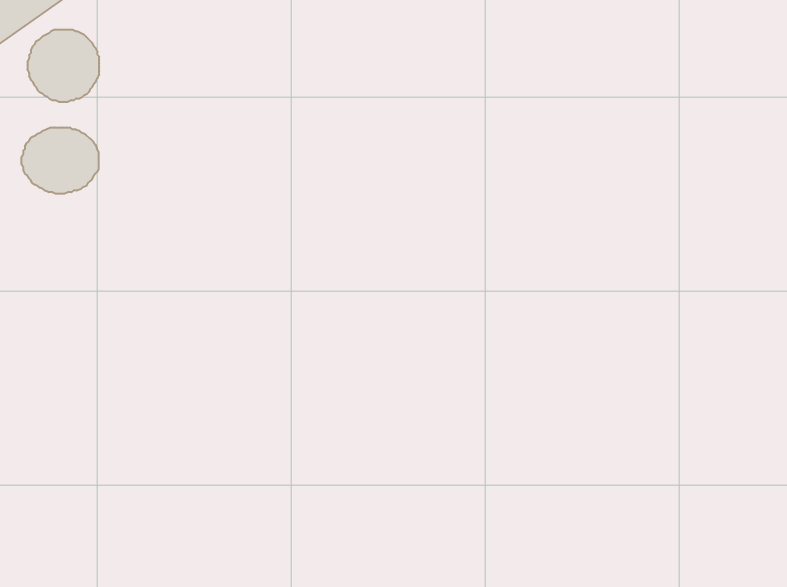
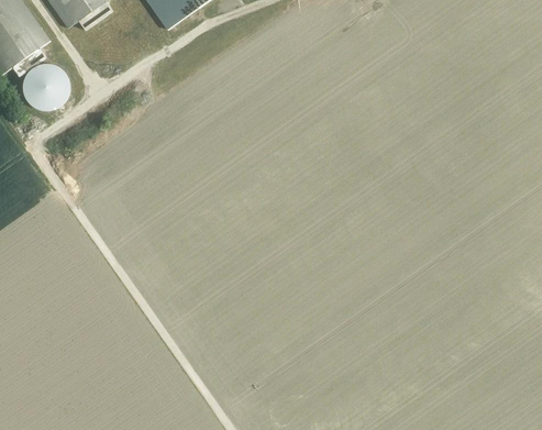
building: [22,127,99,194] -> none

